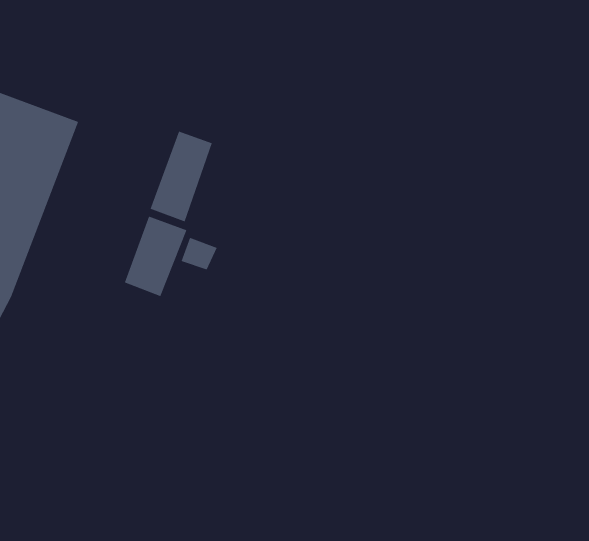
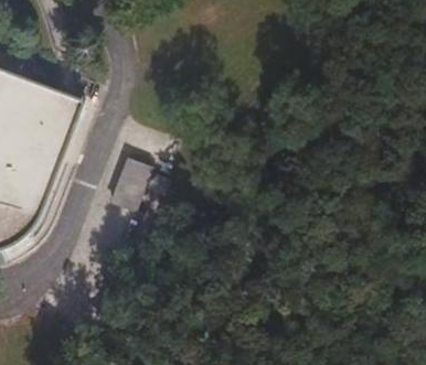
building: [150,131,213,223] -> none

